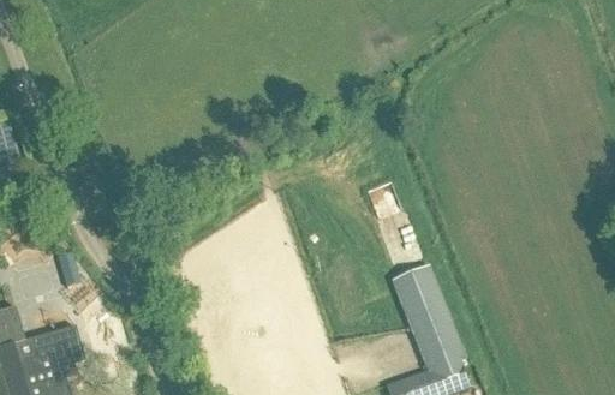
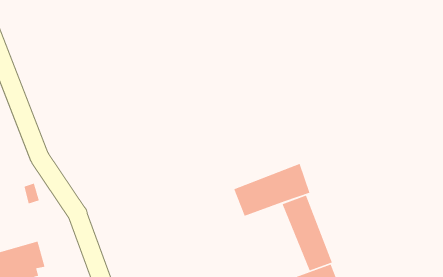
building: none -> [233,163,311,217]

